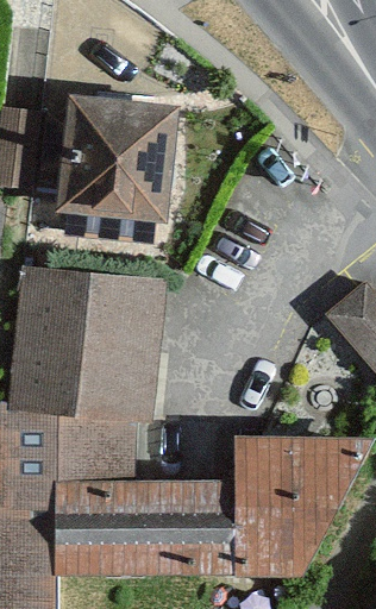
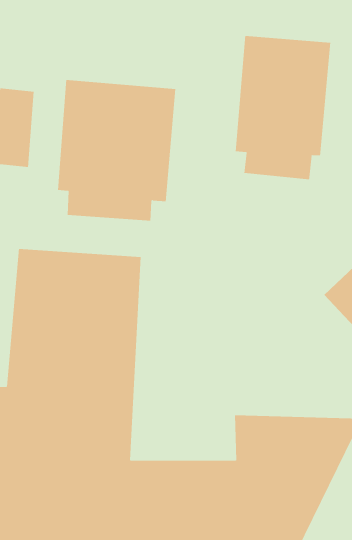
building: none -> [235,35,331,180]

